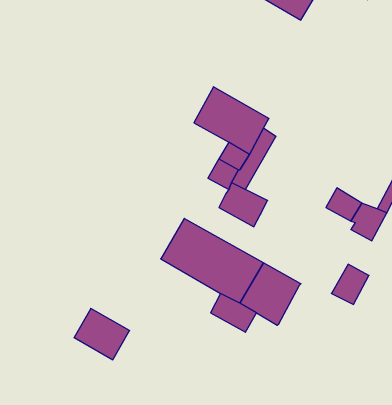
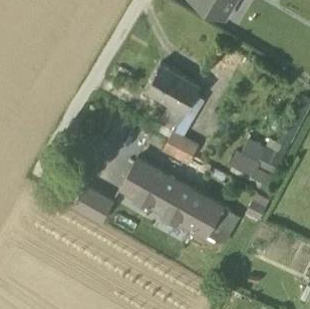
building: none -> [228,150,273,188]
building: none -> [206,208,239,246]
building: [74,308,130,360] -> [72,187,112,224]

